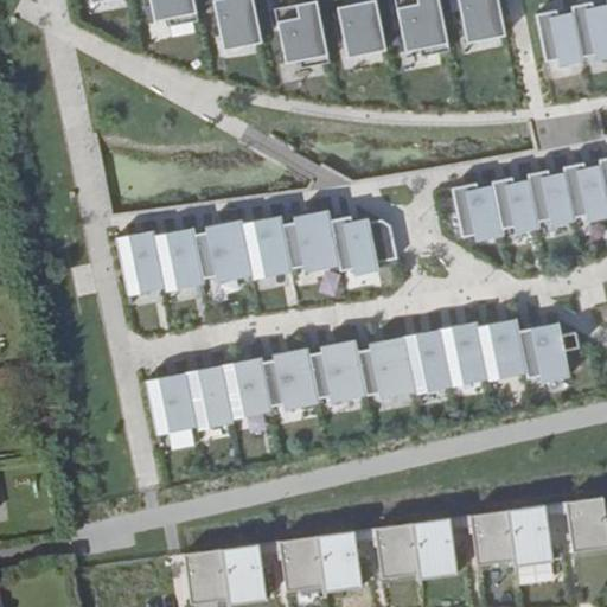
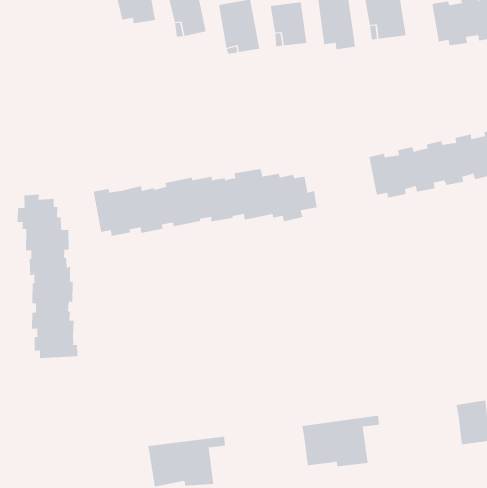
building: none -> [17,194,78,359]
building: [146,325,582,432] -> none
building: [472,501,569,567] -> none
building: [281,528,378,592] -> none

